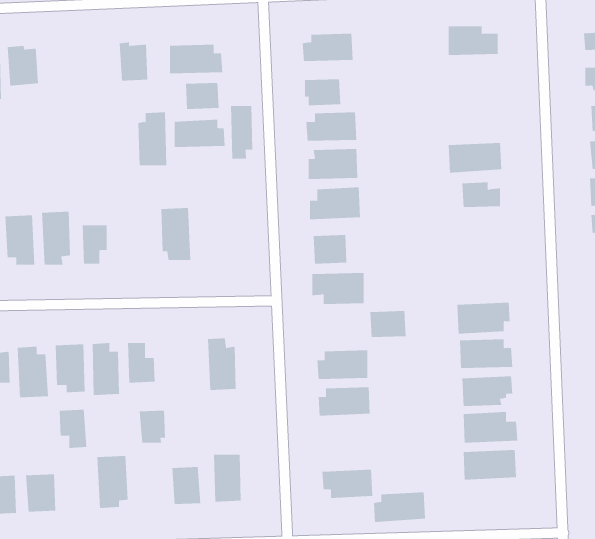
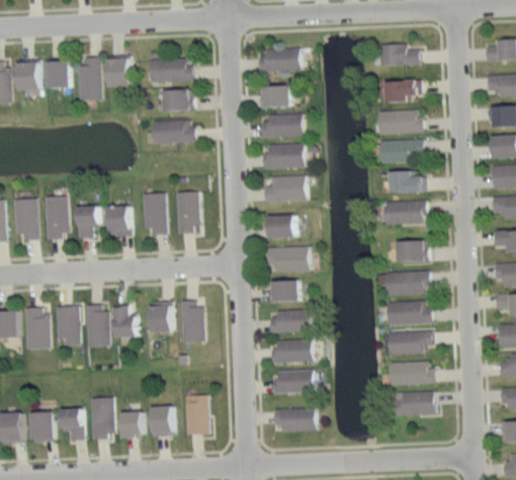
building: none -> [45,57,69,88]
building: none -> [383,78,417,102]
building: [230,105,253,159] -> none
building: none -> [378,109,422,134]
building: [138,112,167,166] -> [76,56,100,100]
building: none -> [175,190,198,233]
building: none -> [383,199,425,224]
building: none -> [107,206,130,235]
building: none -> [396,240,427,262]
building: [370,311,406,338] -> [269,279,299,302]
building: none -> [149,301,171,331]
building: [59,409,87,448] -> [61,408,84,441]
building: [139,410,166,443] -> [120,411,143,438]
building: [373,492,426,522] -> [271,370,315,395]

